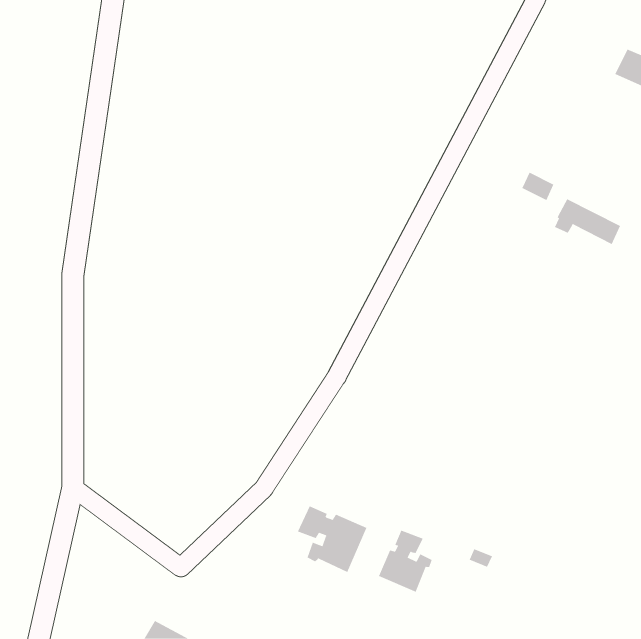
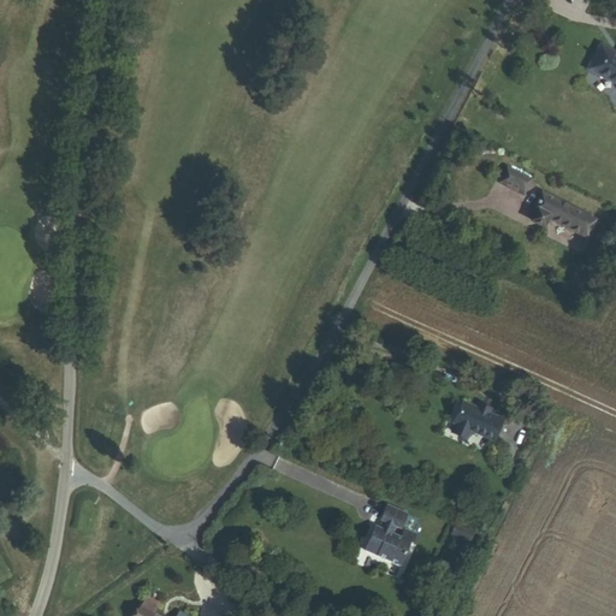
building: none -> [452,399,503,438]
building: [297,506,367,573] -> none

